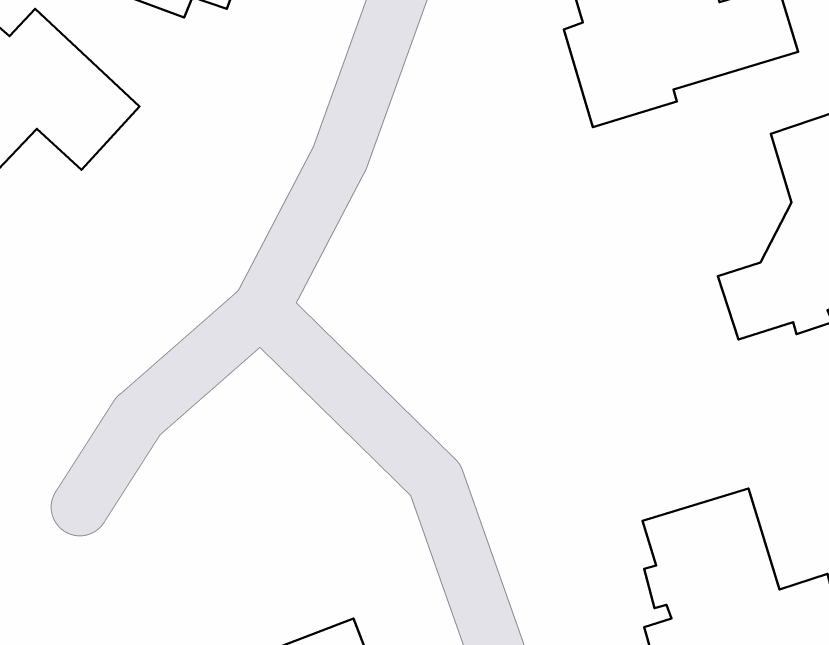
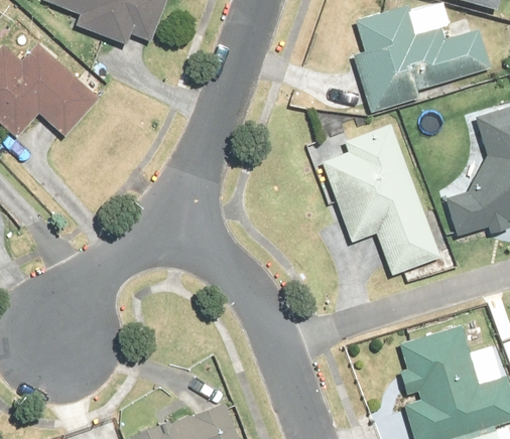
building: none -> [321,123,439,276]

